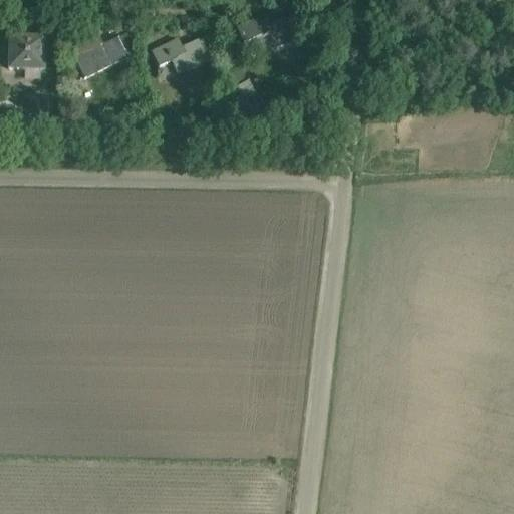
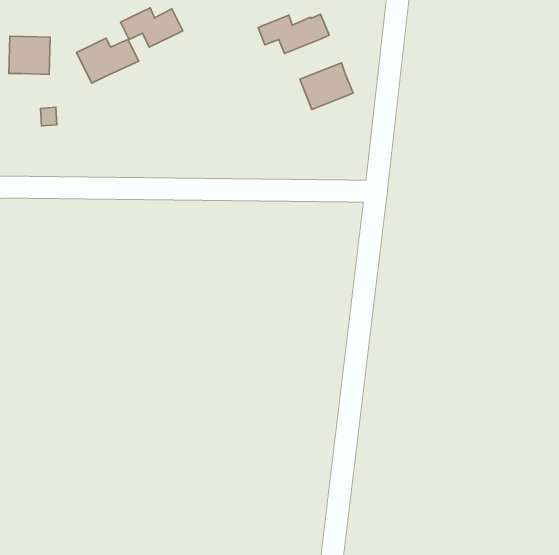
building: [151,37,208,73] -> [121,8,183,47]
building: none -> [300,63,353,109]

